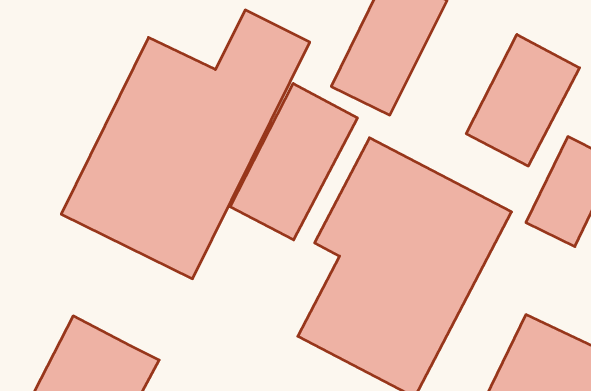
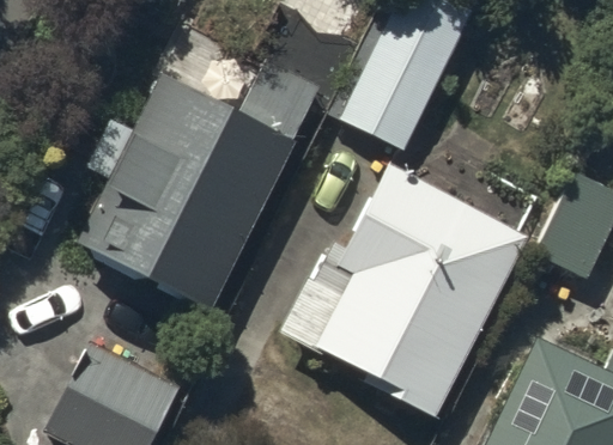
building: [466,34,580,166] -> none
building: [230,83,357,240] -> none

